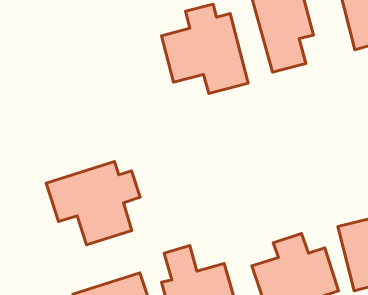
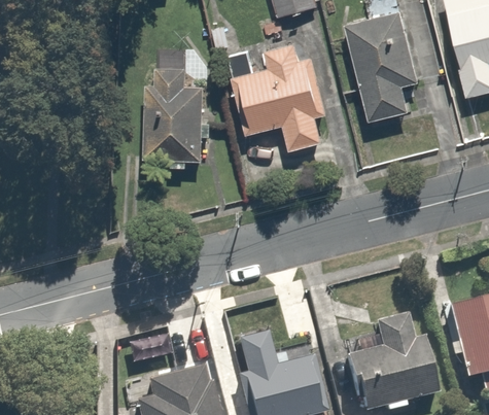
building: none -> [144,71,208,161]
building: [46,161,140,245] -> none

